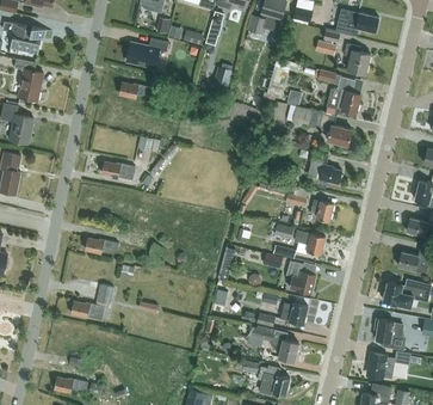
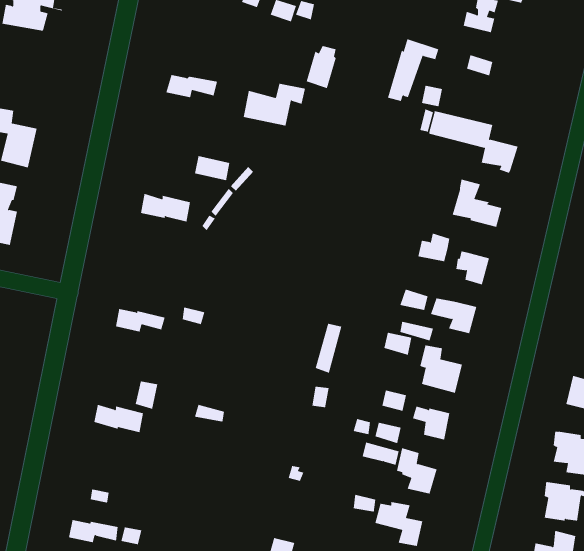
building: [126,38,168,67] -> [243,83,306,126]
building: [344,44,370,74] -> none
building: [14,59,43,102] -> none
building: [336,78,360,113] -> none

